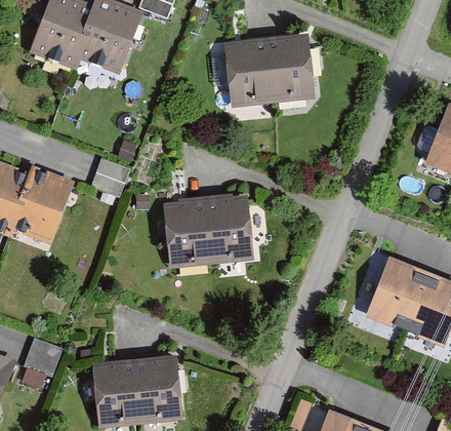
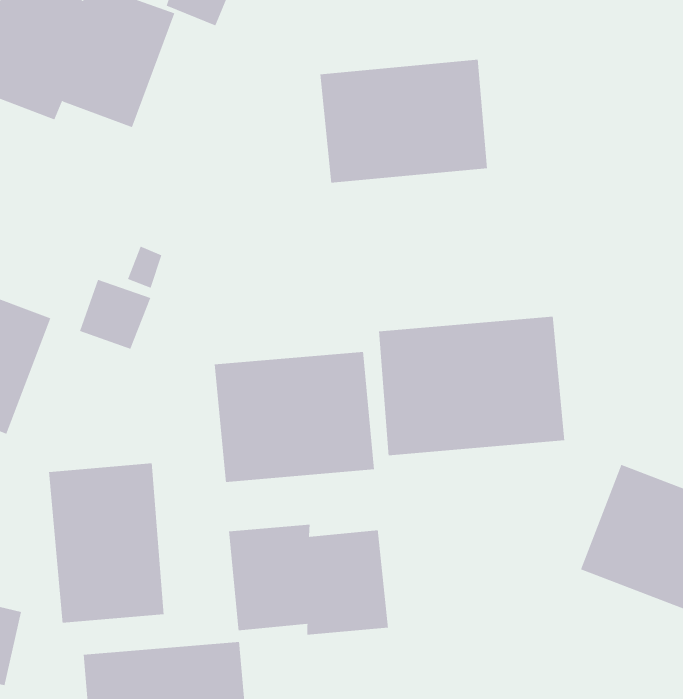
building: none -> [378,316,565,456]
building: none -> [48,463,164,623]
building: none -> [229,524,388,635]

